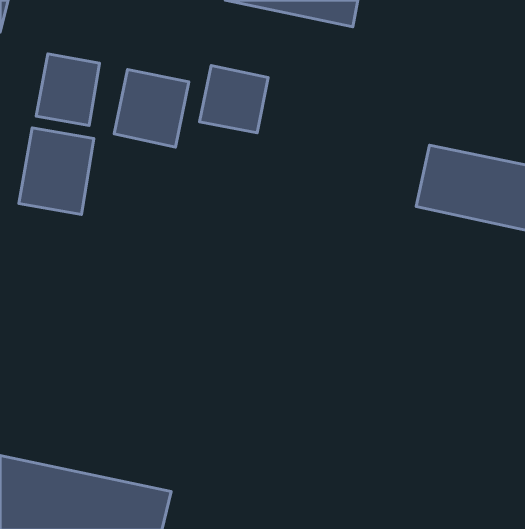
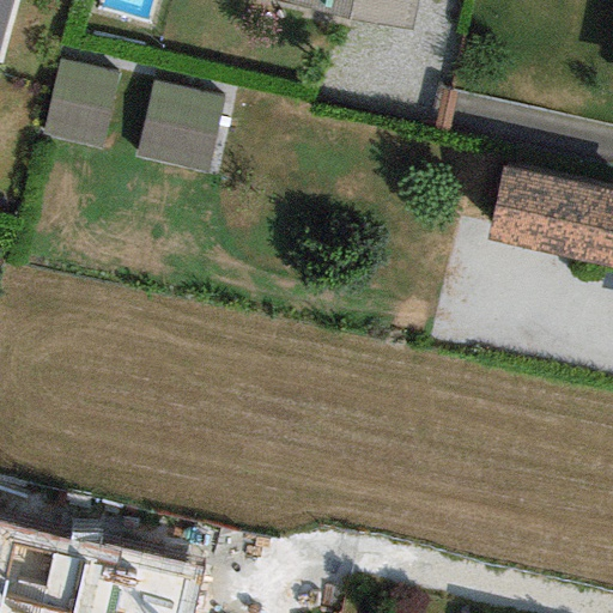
building: [199,66,268,133] -> none
building: [19,128,94,215] -> none

